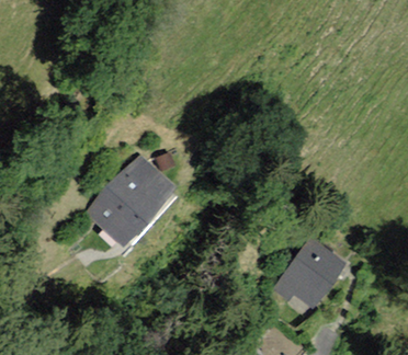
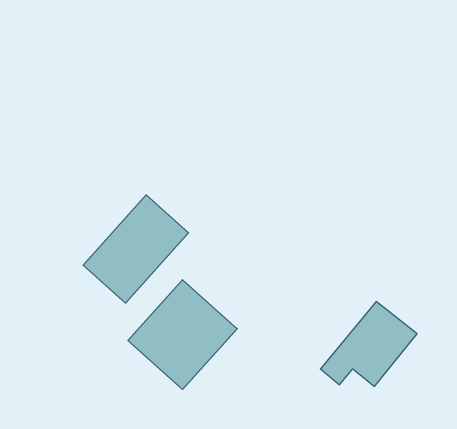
building: none -> [128,280,237,389]

